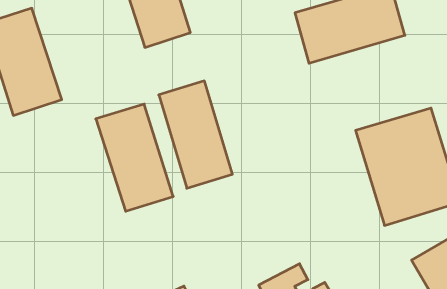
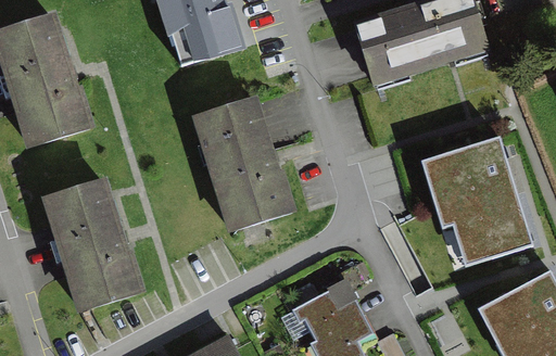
building: [96,104,173,211] -> [46,182,136,307]
building: none -> [287,272,364,340]

